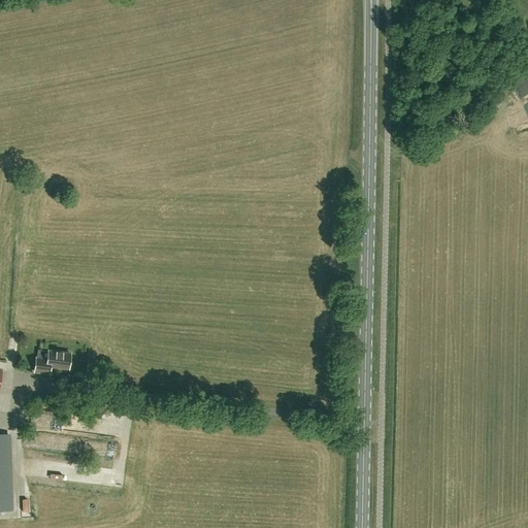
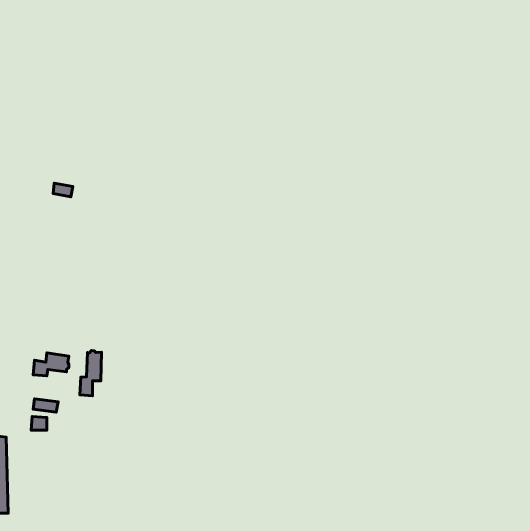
building: none -> [80,350,102,396]

